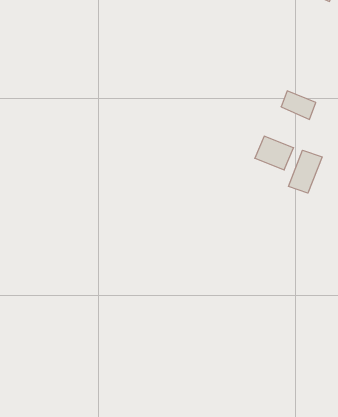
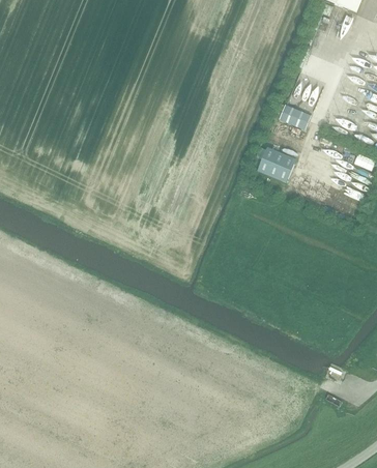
building: [288,150,322,193] -> none

